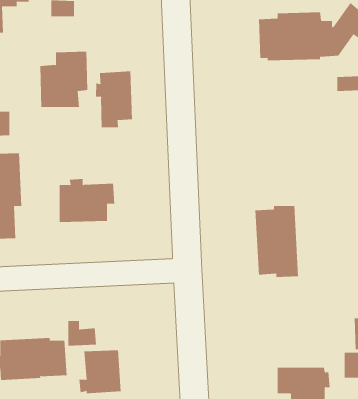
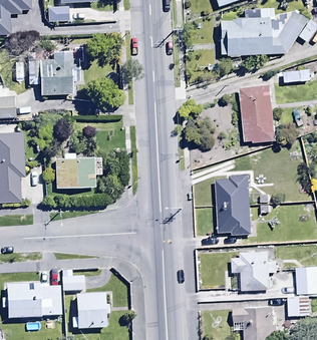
building: [96,71,132,128] -> none
building: none -> [239,84,276,142]
building: none -> [231,251,277,289]

